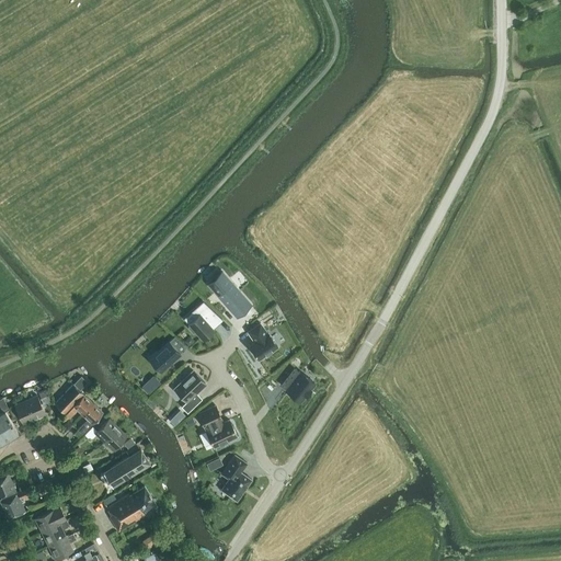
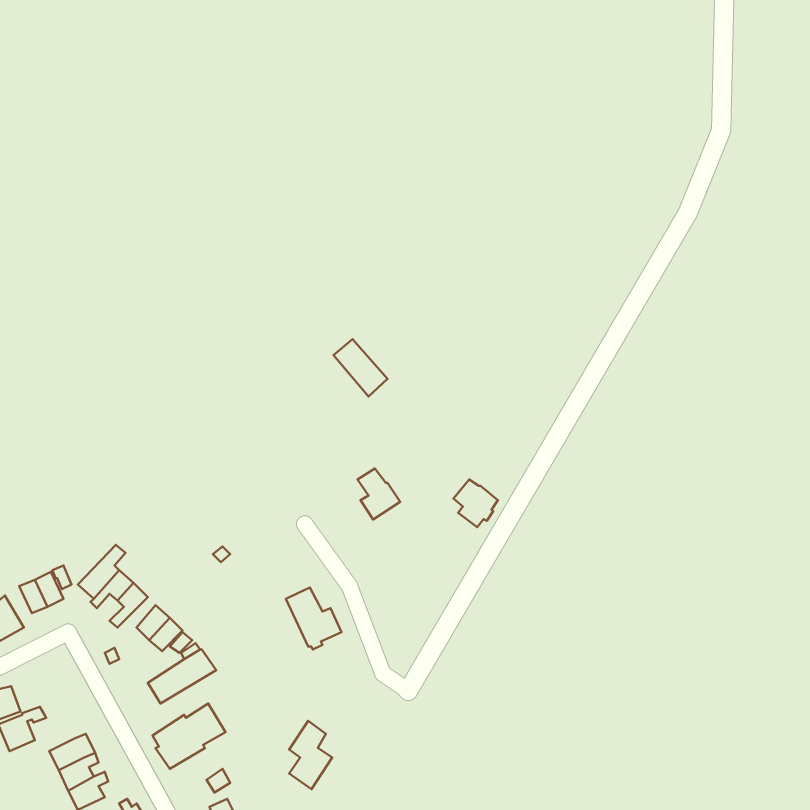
building: [211,278,249,318] -> [334,339,388,396]
building: [187,313,215,340] -> none
building: [148,342,179,373] -> none
building: [283,368,313,401] -> [453,480,498,527]
building: [173,371,205,413] -> none
building: [220,455,250,502] -> [289,721,332,789]

